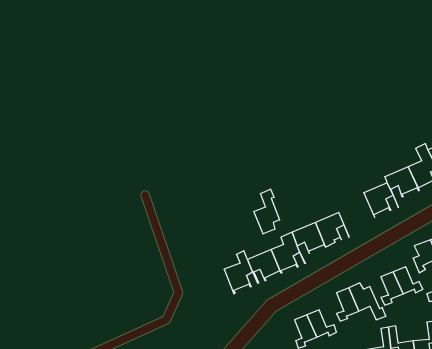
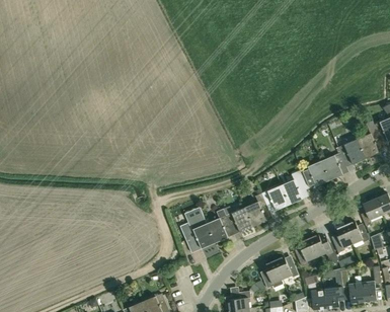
building: [254,189,280,234] -> none
building: none -> [302,160,330,188]
building: none -> [180,214,215,252]

